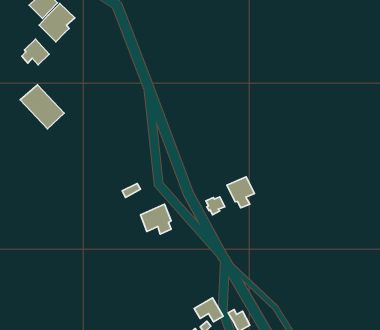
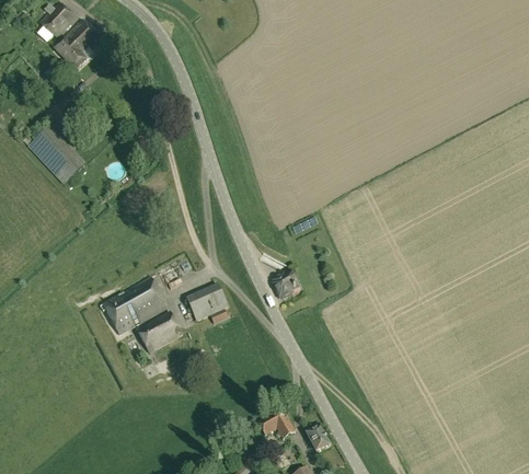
building: [22,39,49,65] -> none
building: [227,177,255,208] -> none
building: none -> [103,278,182,352]

